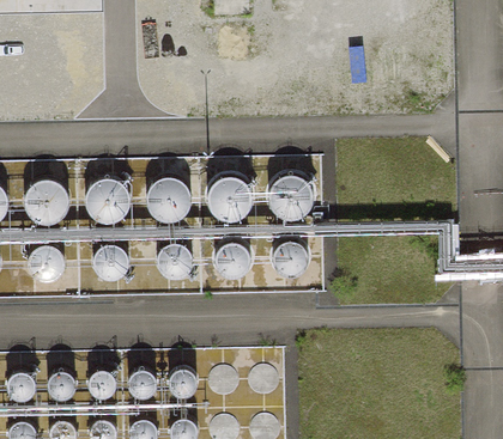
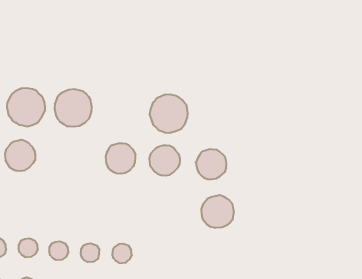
building: [265,172,314,221] -> none
building: [147,177,196,226] -> none
building: [90,240,128,279] -> none
building: none -> [202,195,234,228]

